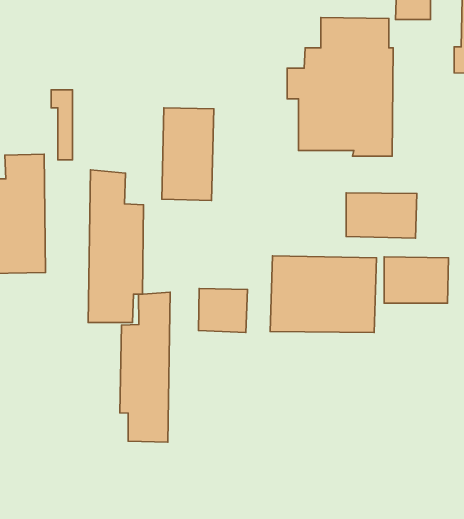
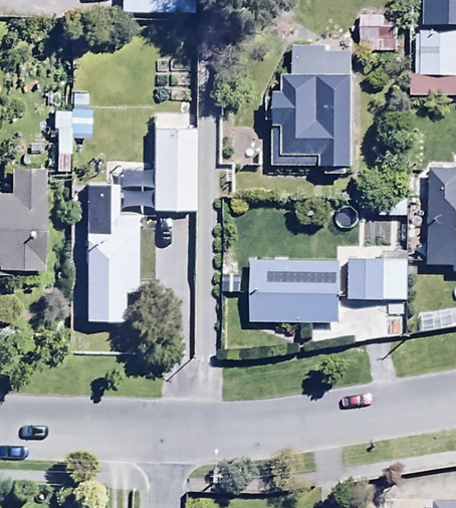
building: [346,193,417,238] -> none
building: [198,288,247,333] -> none
building: [120,292,170,442] -> none

